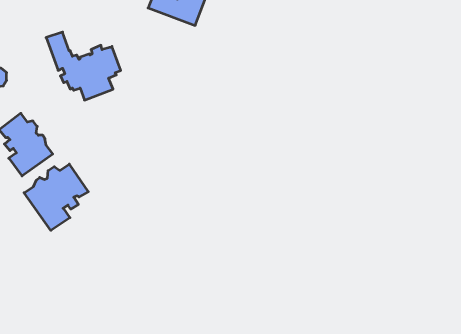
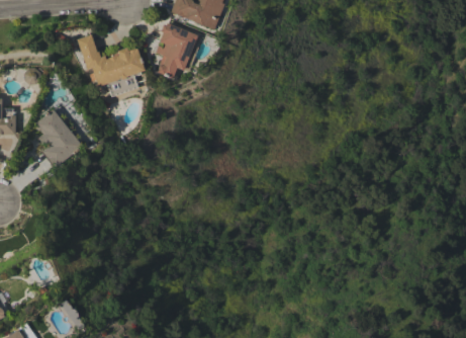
building: none -> [155,22,200,80]
building: [24,164,88,230] -> none

